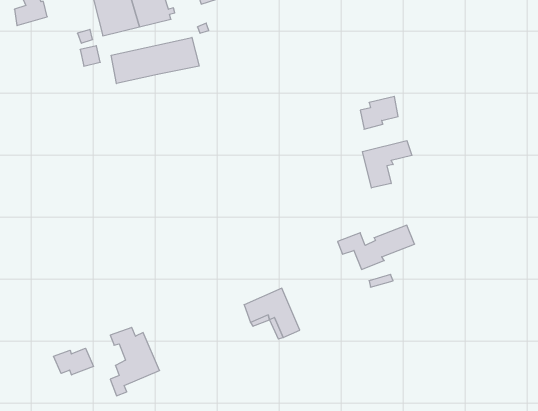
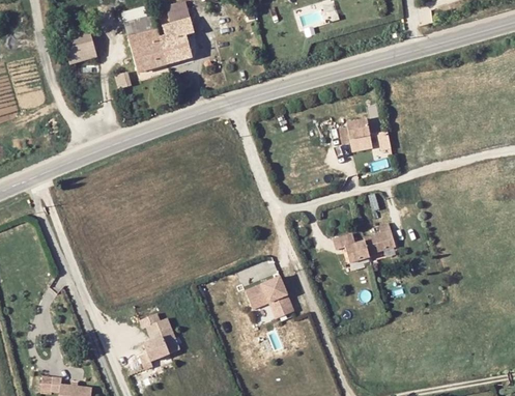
building: [111,37,199,84] -> none
building: [362,141,412,188] -> none
building: [54,348,94,375] -> none

